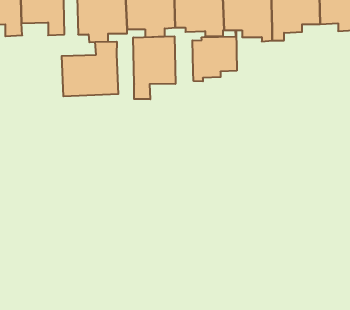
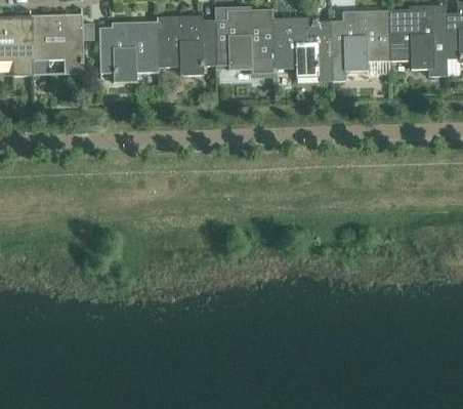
building: [192,30,237,81] -> none
building: [133,36,175,99] -> none
building: [62,42,118,96] -> none

